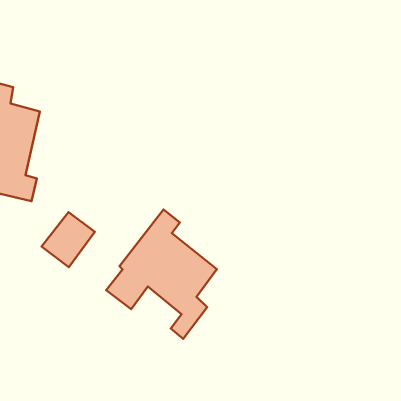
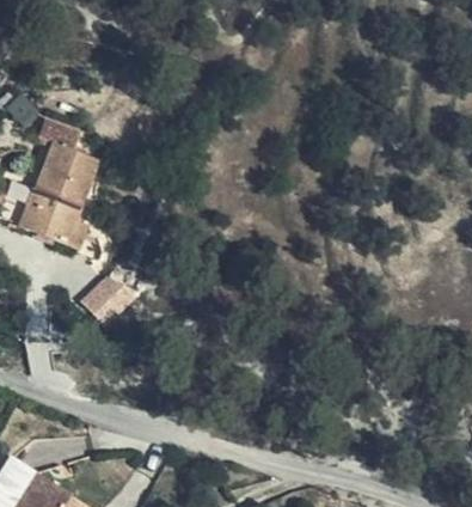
building: [106,210,217,339] -> none

